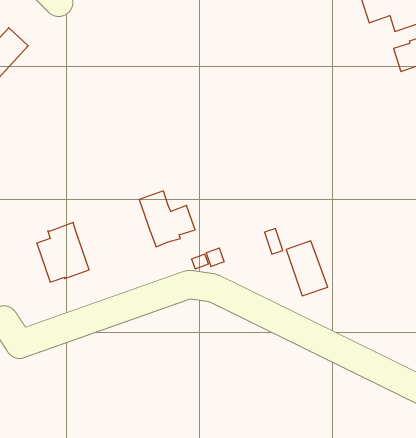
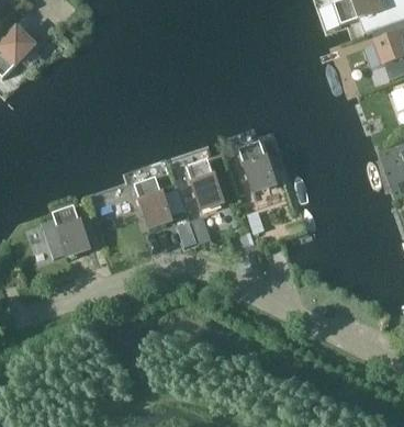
building: none -> [184,157,222,207]
building: [286,241,328,296] -> [237,139,274,189]

